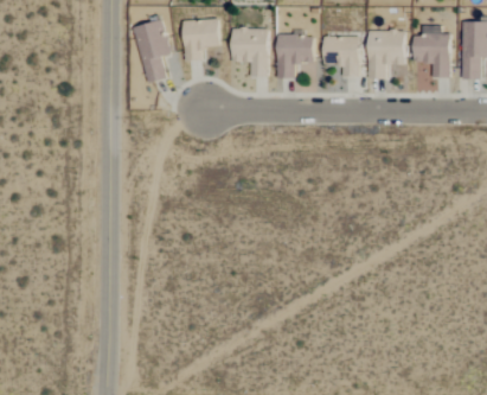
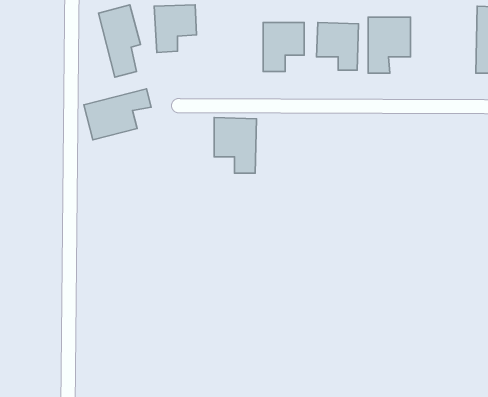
building: [414,25,451,77] -> none
building: [232,27,269,76] -> [214,117,256,173]
building: none -> [84,89,151,140]

